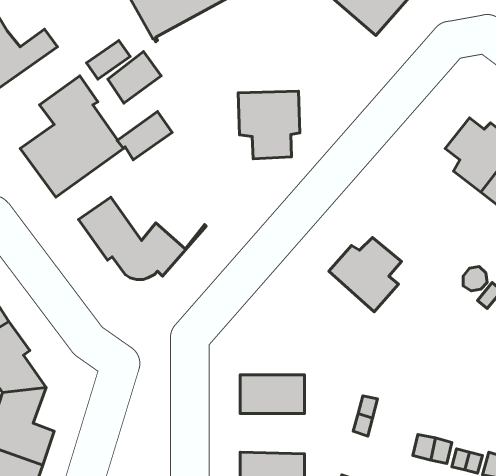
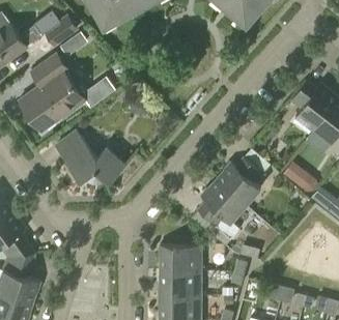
building: [108,52,161,103] -> [45,14,79,48]
building: [238,91,300,159] -> none
building: none -> [197,180,245,239]
building: none -> [159,271,200,297]

